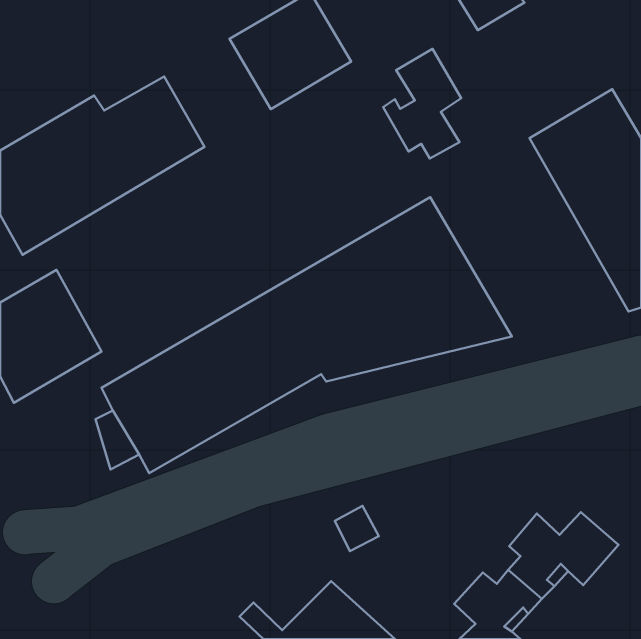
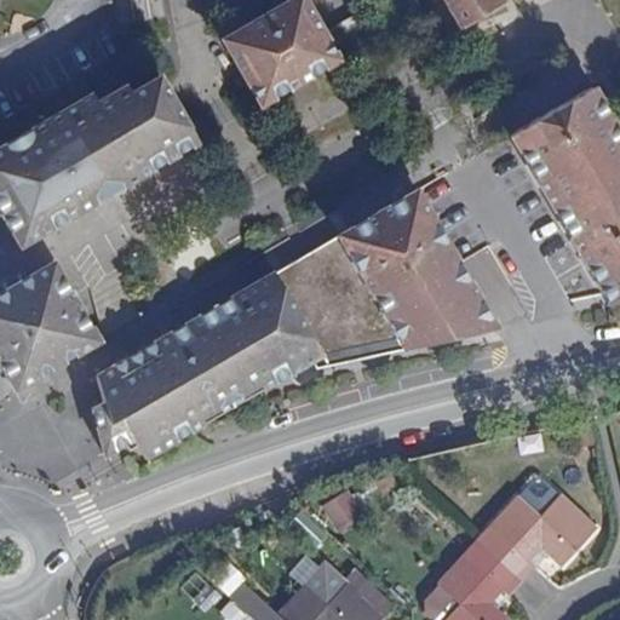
building: [383,49,461,159] -> none

